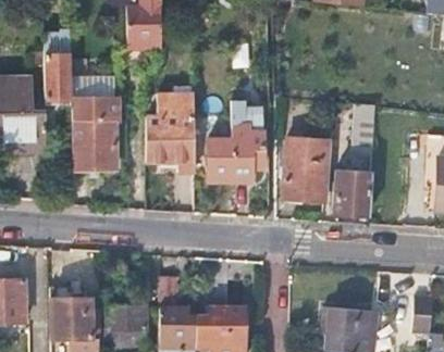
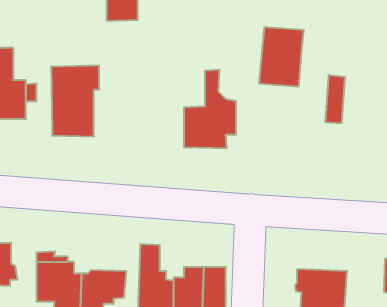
building: [42,40,69,104] -> none
building: [145,92,192,162] -> none
building: [283,140,330,202] -> [259,27,304,87]
building: [334,171,370,214] -> none

